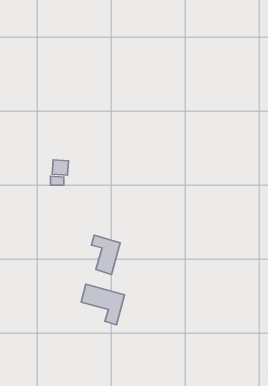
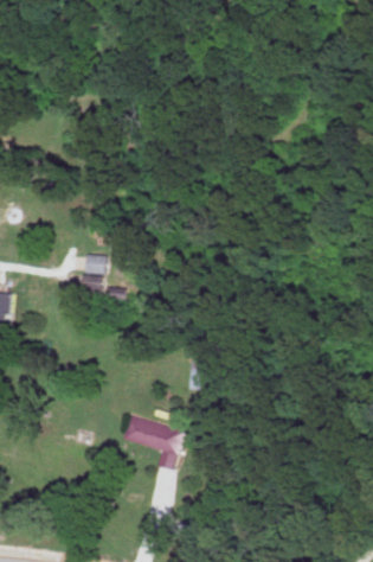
building: [92,235,120,274] -> none

